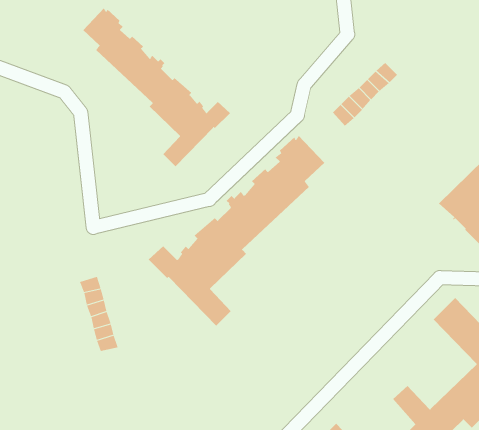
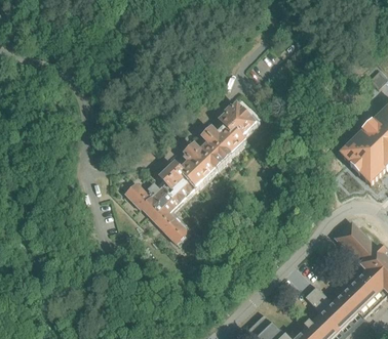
building: [82,8,231,167] -> none

